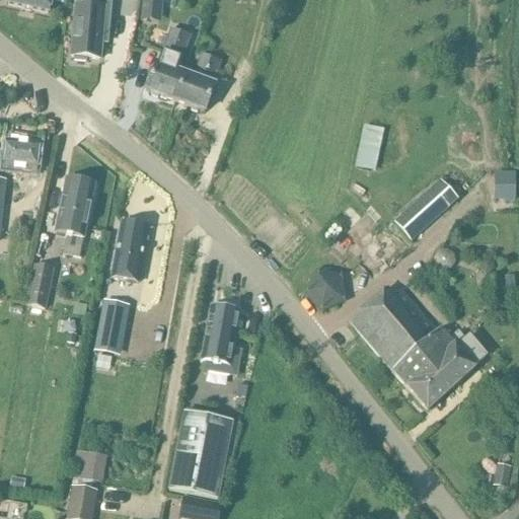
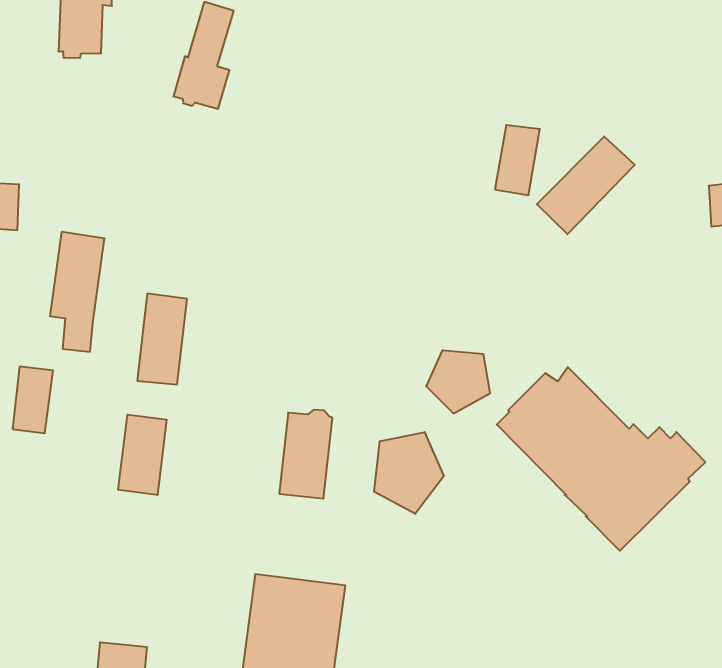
building: [176,51,222,108] -> none
building: [393,175,460,239] -> [537,136,635,234]
building: none -> [374,432,444,514]

